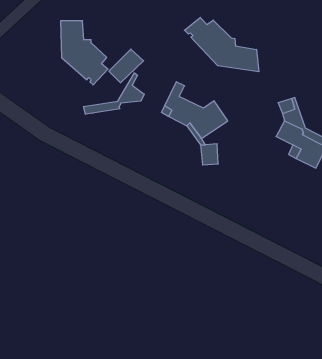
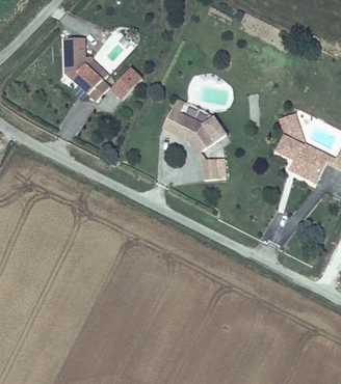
building: [184,17,259,72] -> none
building: [83,73,144,114] -> none

